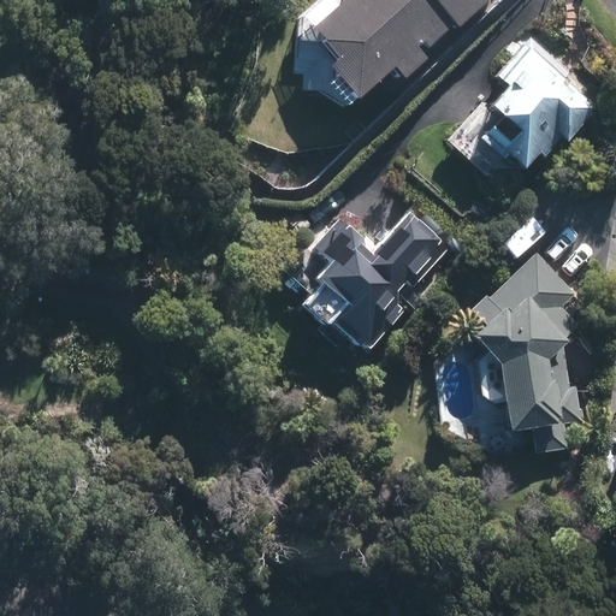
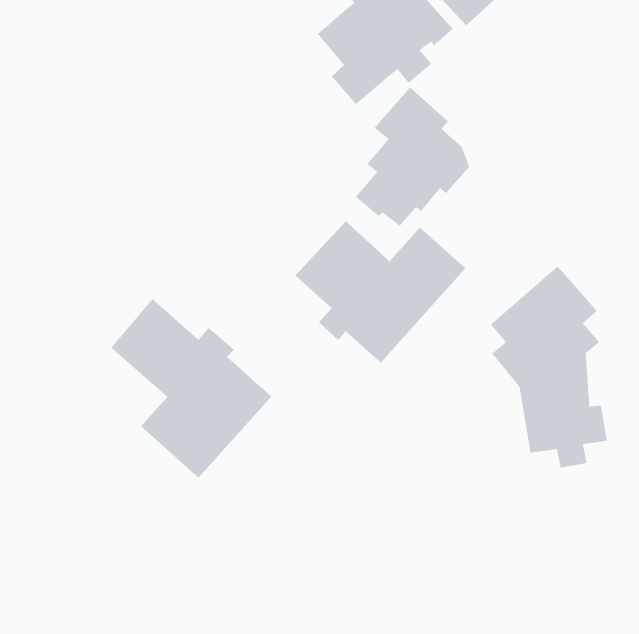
building: [479,38,590,173] -> [355,87,470,227]
building: none -> [110,298,272,478]

